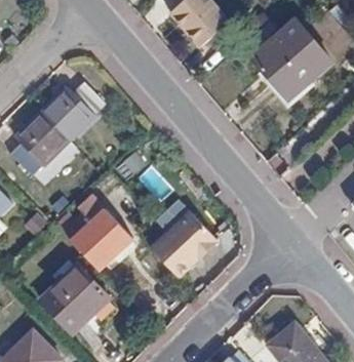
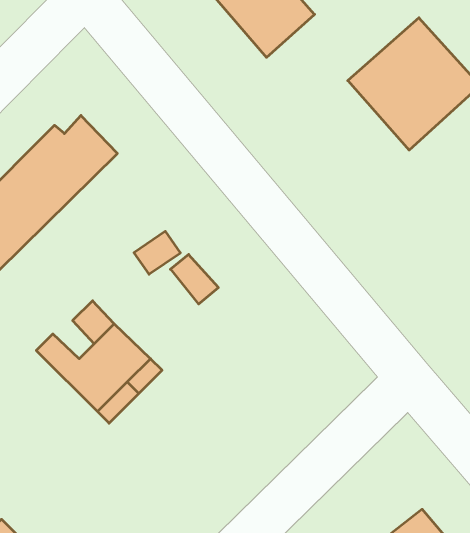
building: [150,209,214,277] -> none
building: [41,265,110,332] -> none

